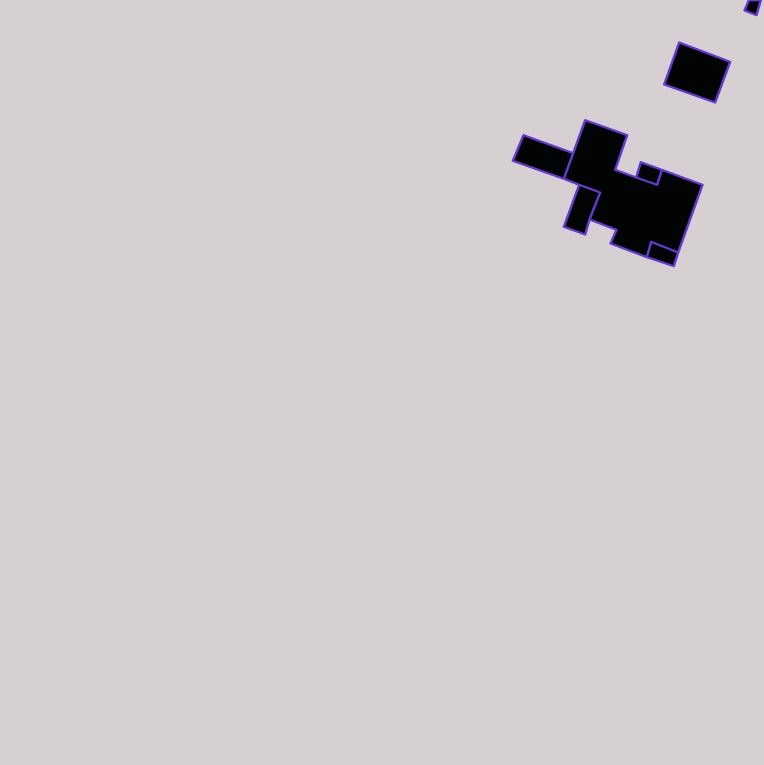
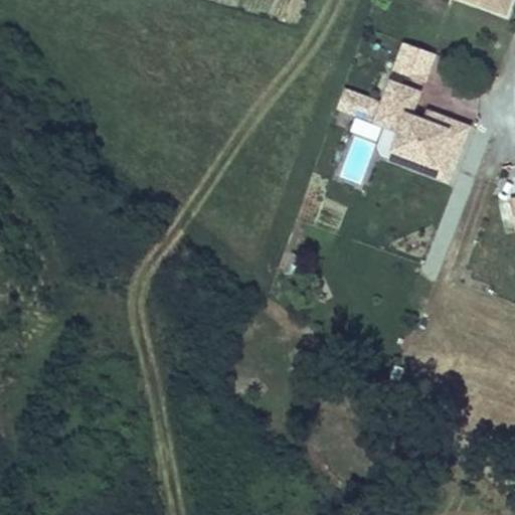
building: [664,42,730,103] -> [391,41,436,81]

